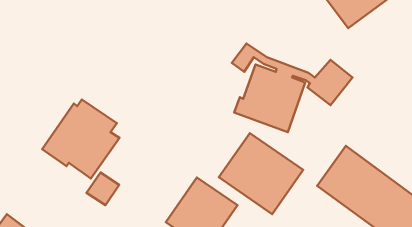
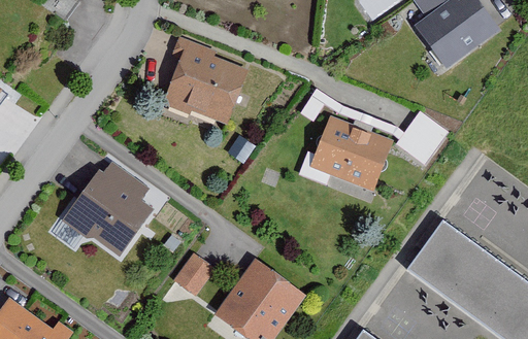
building: none -> [162,38,250,125]
building: [219,133,303,214] -> none
building: [87,173,119,205] -> [174,255,216,296]

